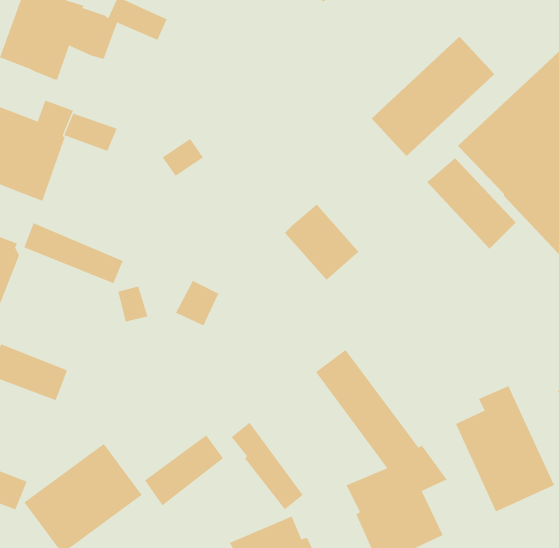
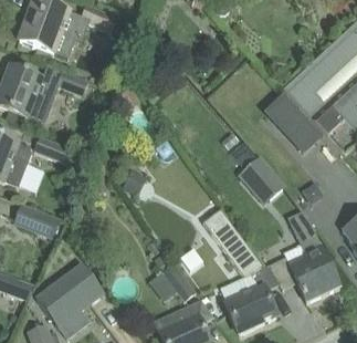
building: [371,36,495,157] -> none
building: [284,204,359,281] -> [240,157,283,201]
building: [144,435,224,506] -> none

